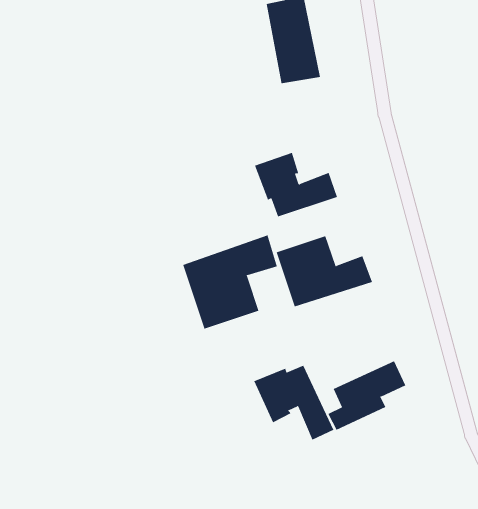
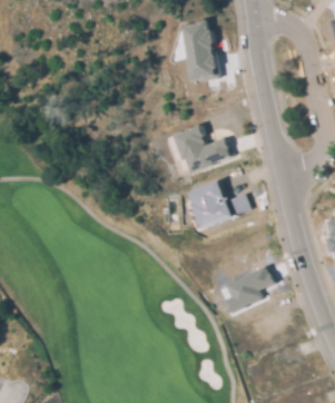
building: [182,235,278,330] -> none
building: [254,365,334,441] -> none

